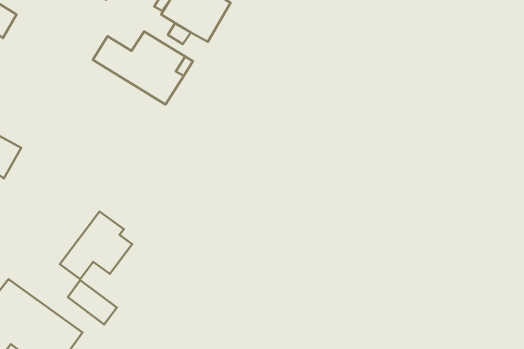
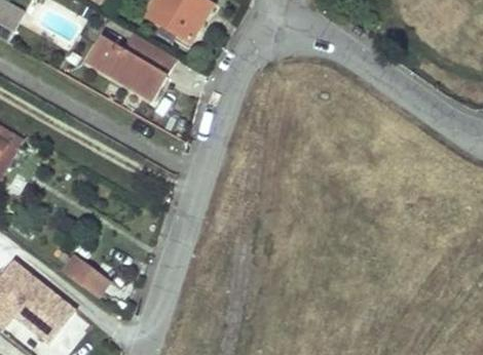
building: [60,212,132,279] -> none

